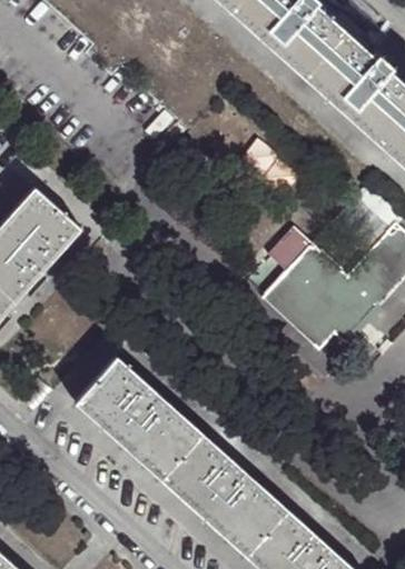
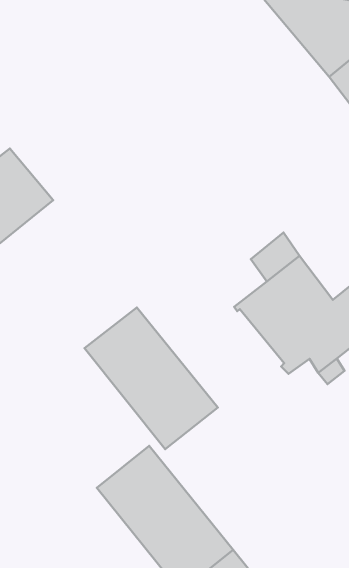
building: [76,358,205,481] -> [84,307,218,449]

